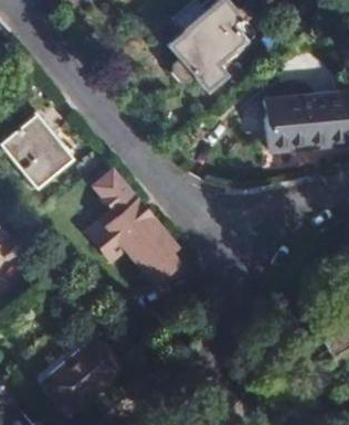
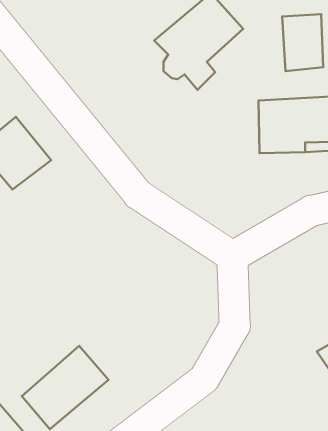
building: none -> [282,14,323,71]
building: [81,173,181,293] -> none

